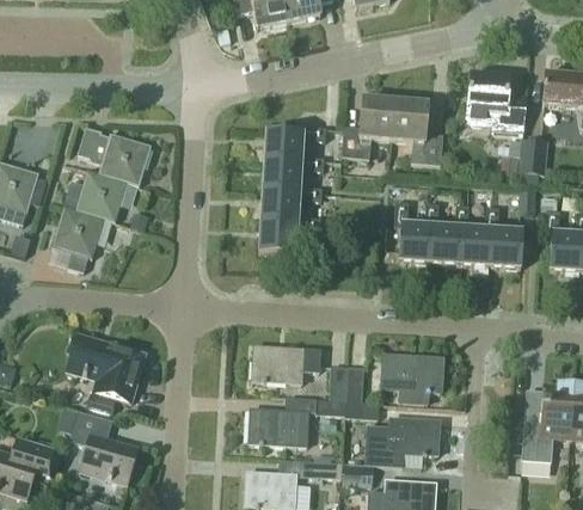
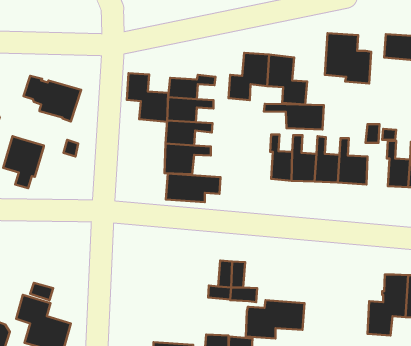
building: none -> [127,73,168,122]
building: [518,137,548,174] -> none
building: none -> [264,104,324,130]
building: [74,170,128,222] -> none
building: [66,332,146,403] -> none
building: [251,346,321,383] -> [166,173,220,202]
building: [380,355,443,404] -> none
building: [247,407,309,446] -> none

